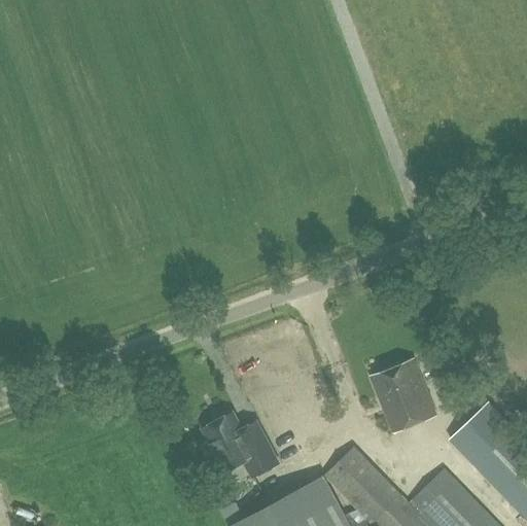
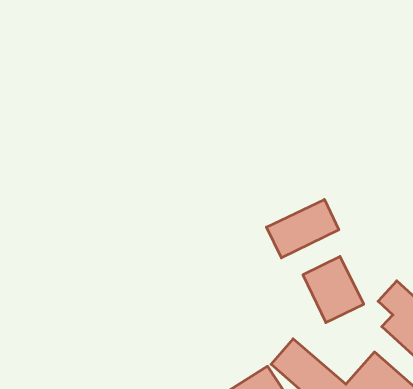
building: none -> [266,199,339,258]
building: [203,413,277,476] -> none

